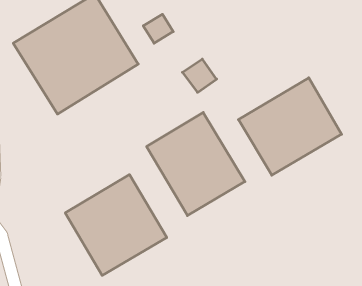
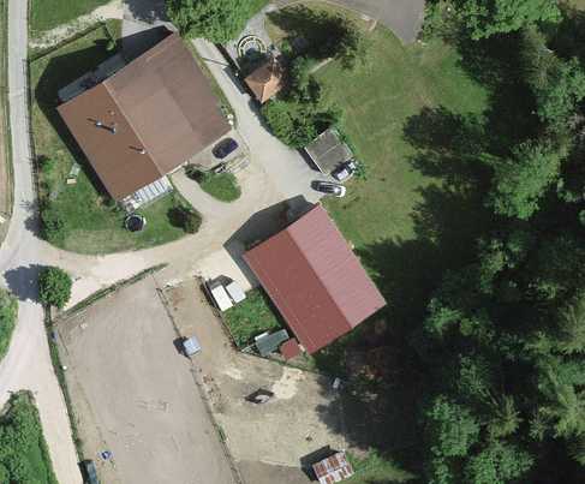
building: [238,78,342,175] -> none
building: [65,175,167,275] -> none

